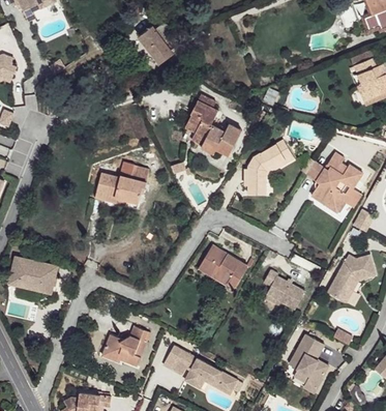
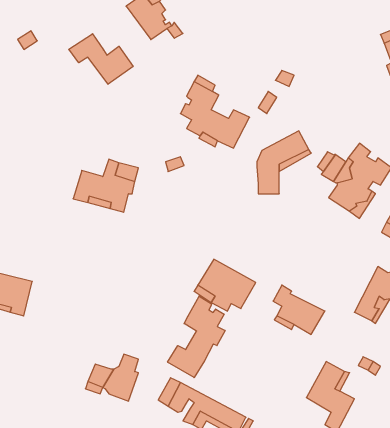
building: none -> [69,34,133,84]
building: none -> [168,296,225,378]

